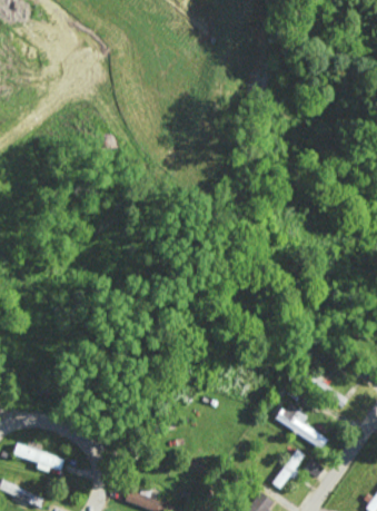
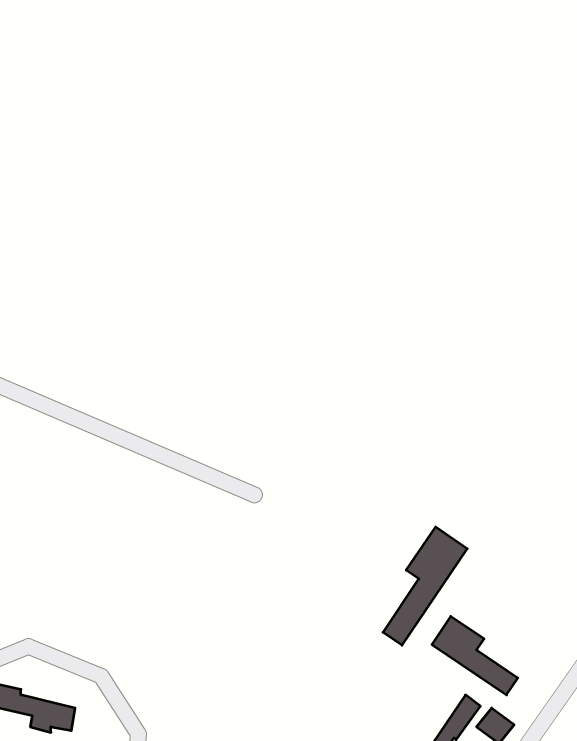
building: none -> [383,527,467,645]

